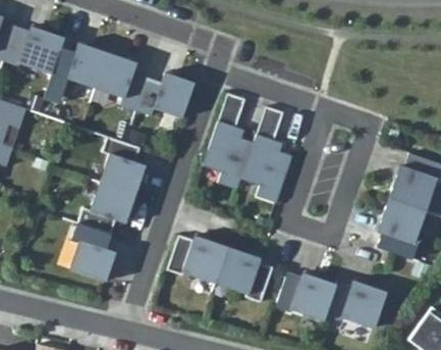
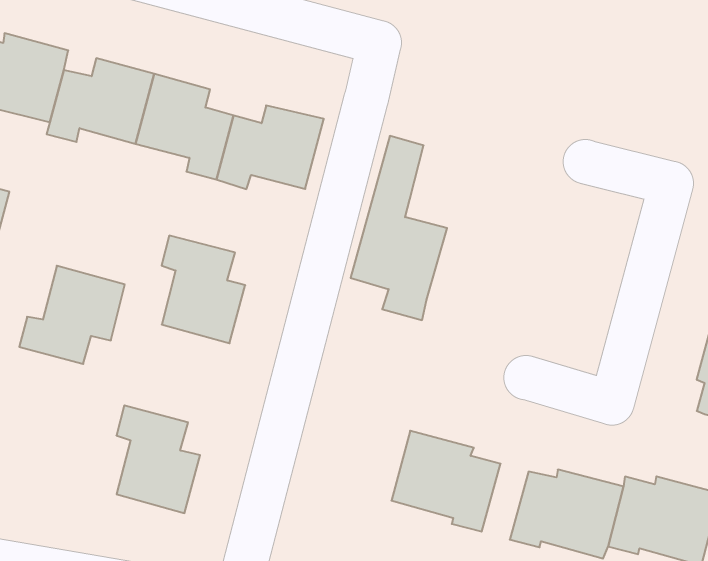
building: [240,106,291,203] -> none
building: [79,183,136,235] -> [19,266,125,364]
building: [167,235,227,283] -> none

